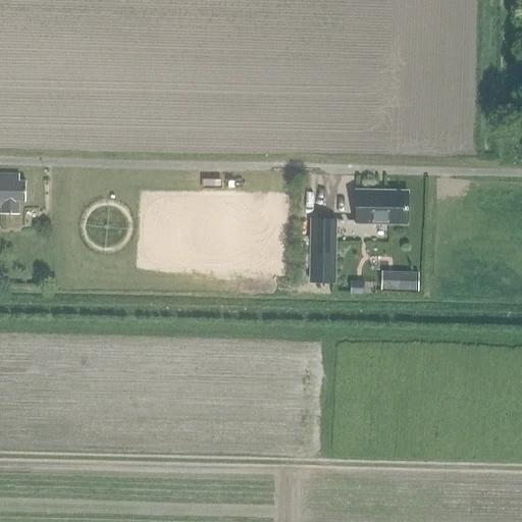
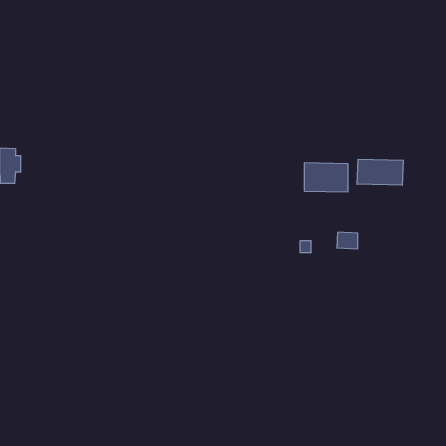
building: none -> [357,159,403,185]
building: [308,216,335,281] -> none

